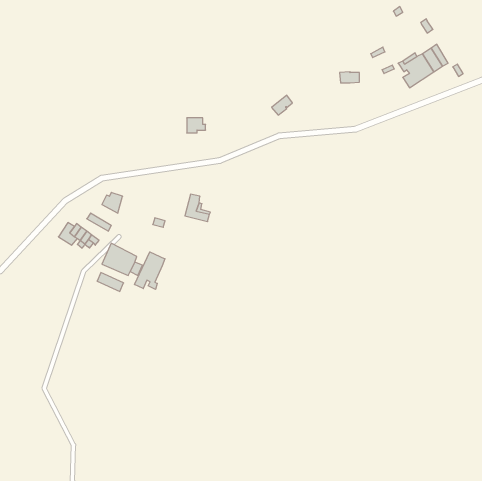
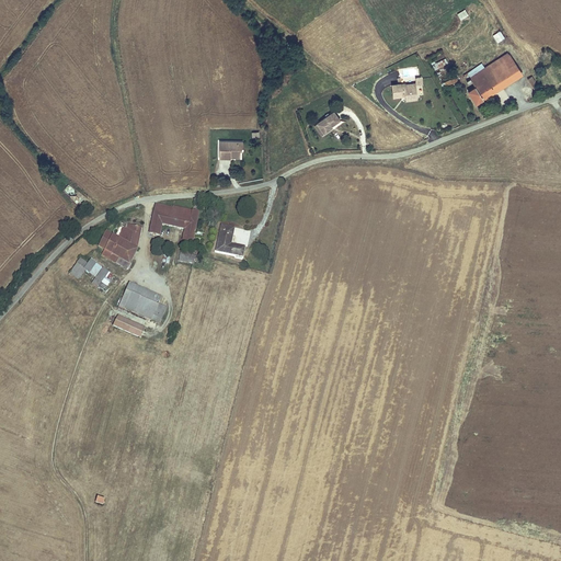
building: none -> [150,205,199,242]
building: none -> [99,231,137,262]
building: [135,252,165,289] -> none

